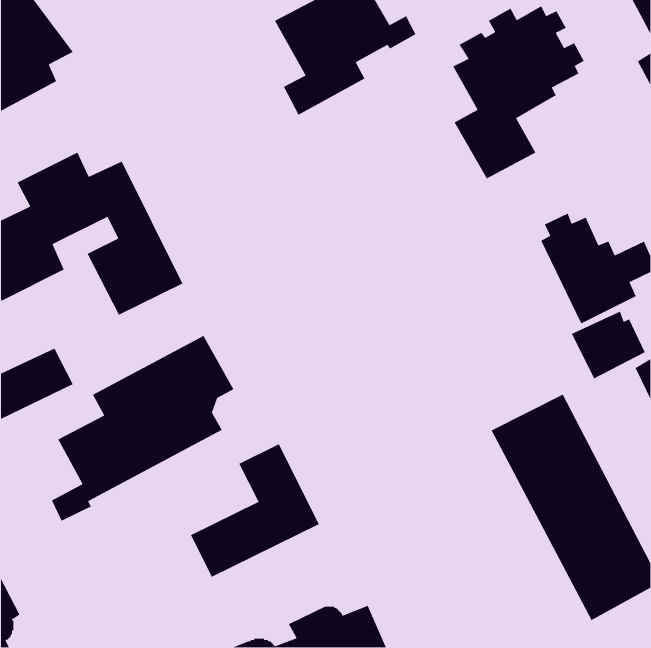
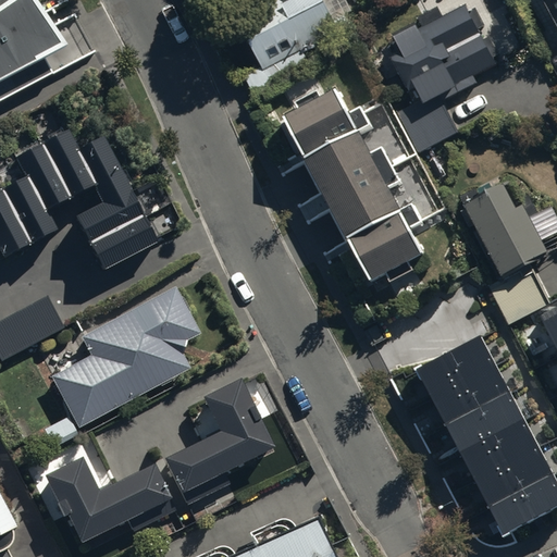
building: none -> [284,89,425,282]
building: none -> [42,456,169,543]

